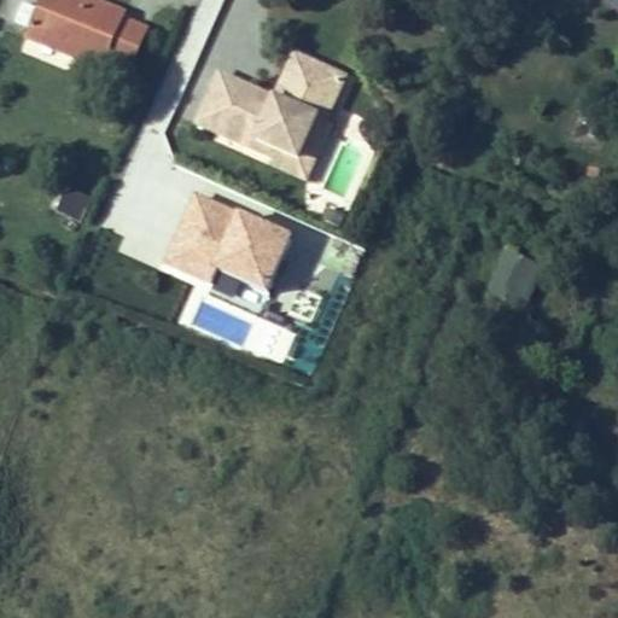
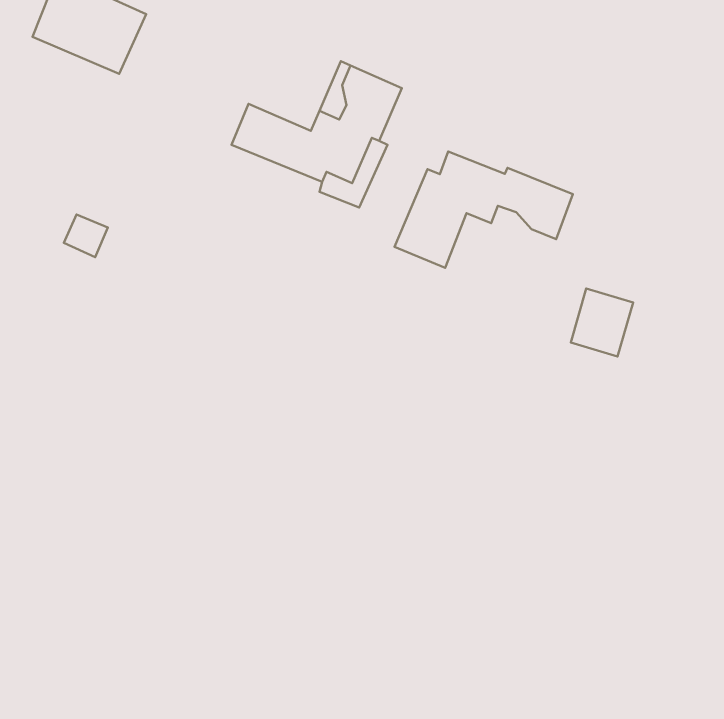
building: none -> [395,151,573,268]
building: [161,188,292,305] -> none

